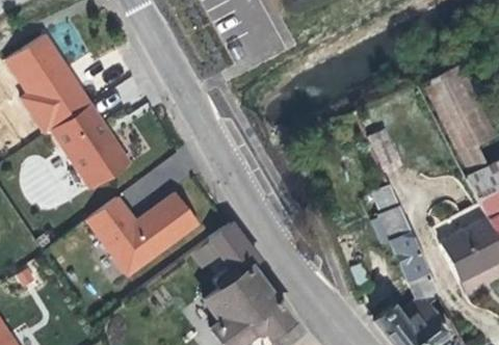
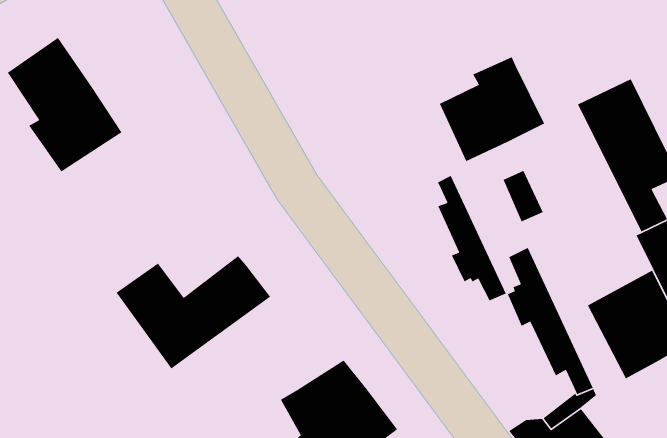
building: none -> [439,56,545,162]
building: [54,104,132,190] -> none
building: none -> [437,175,507,301]
building: [212,222,260,291] -> none

